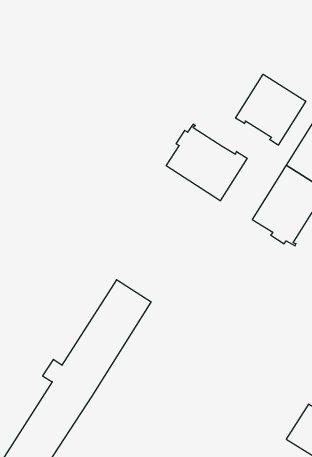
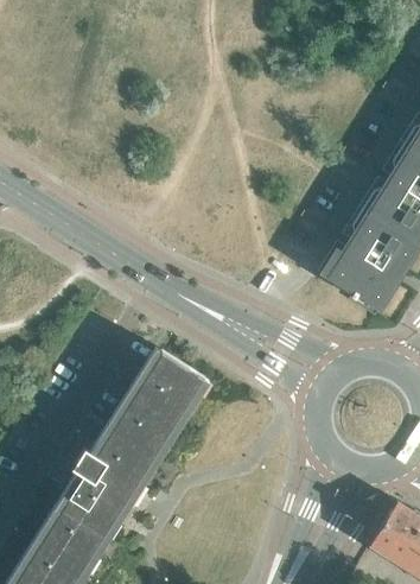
building: [236,74,306,145] -> none
building: [166,124,247,201] -> none

